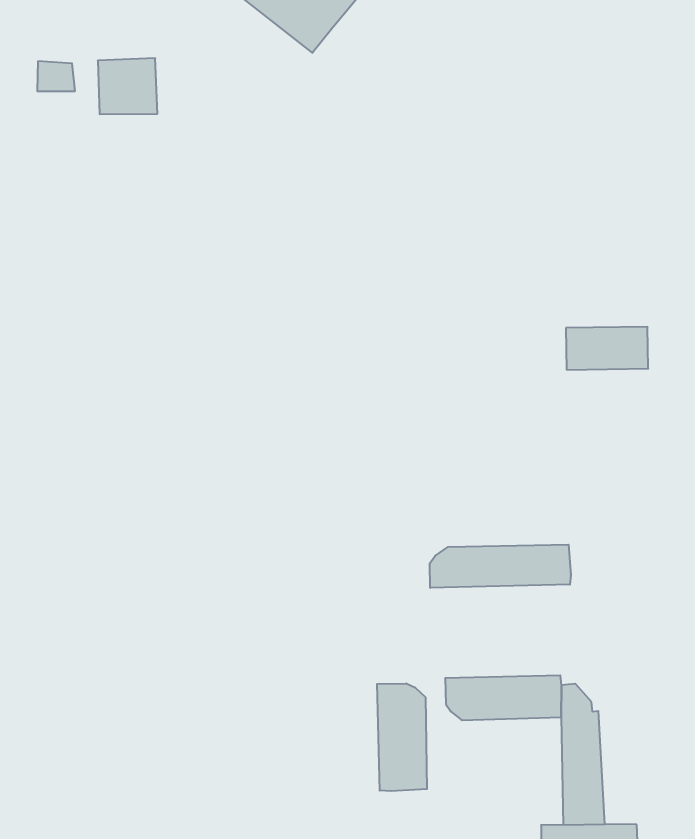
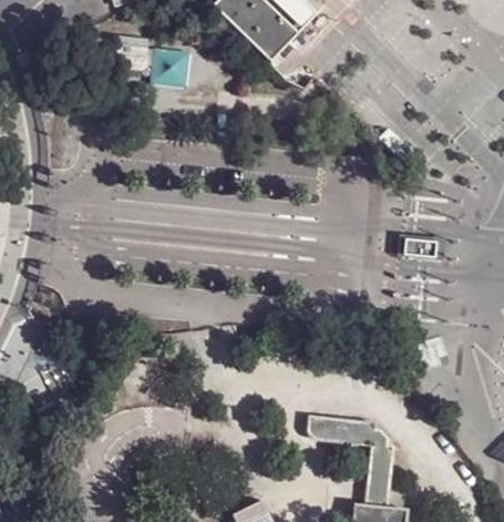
building: [430,545,571,588] -> none
building: [377,683,427,791] -> none

